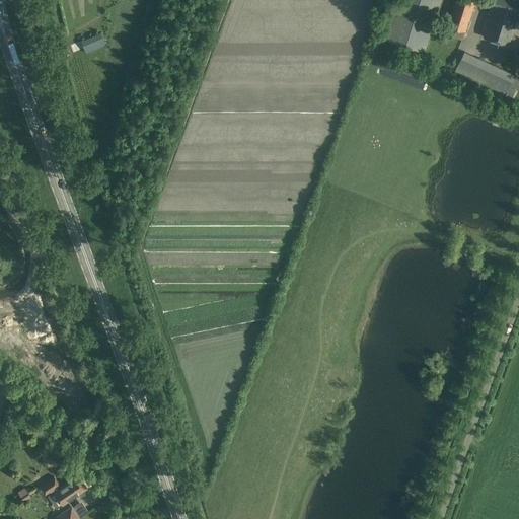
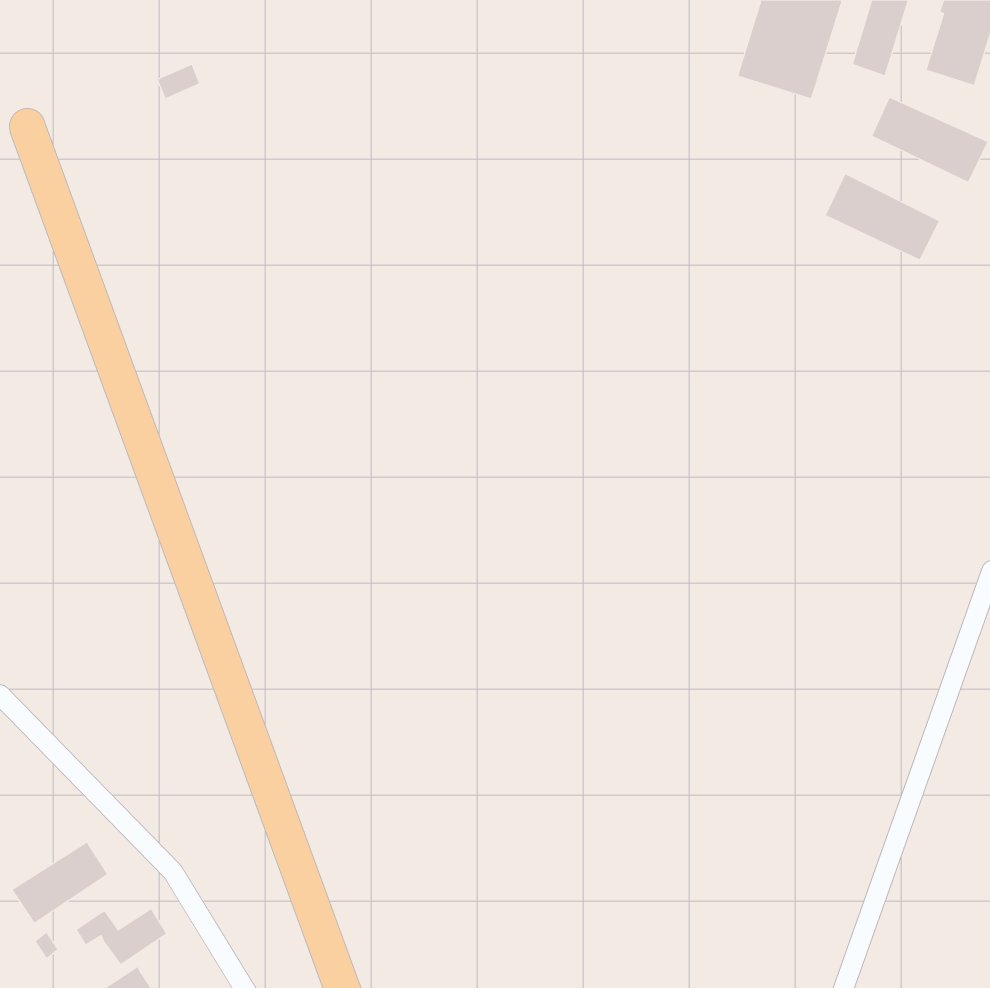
building: none -> [825,173,939,260]
building: none -> [12,842,108,924]

